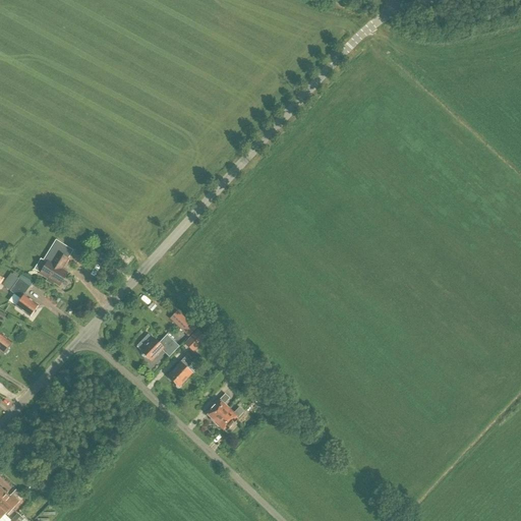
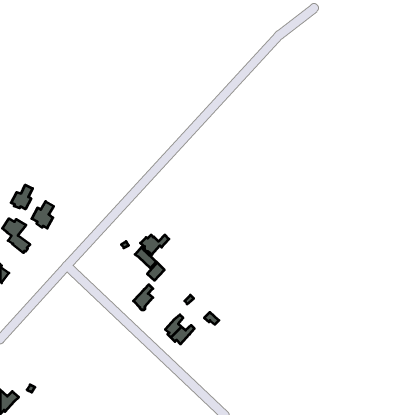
building: none -> [11,185,33,209]
building: [137,335,173,359] -> [140,235,169,255]

